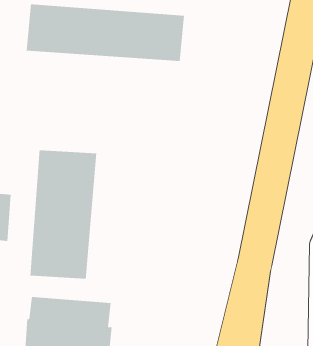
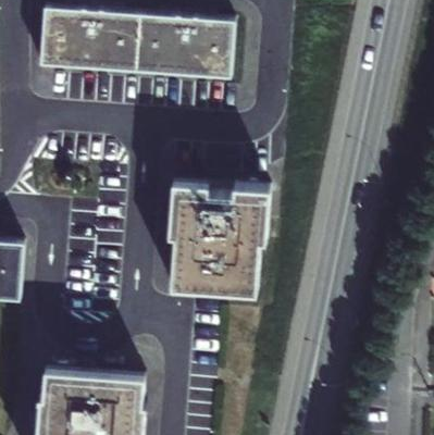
building: none -> [169,182,270,293]
building: [30,150,97,279] -> none

